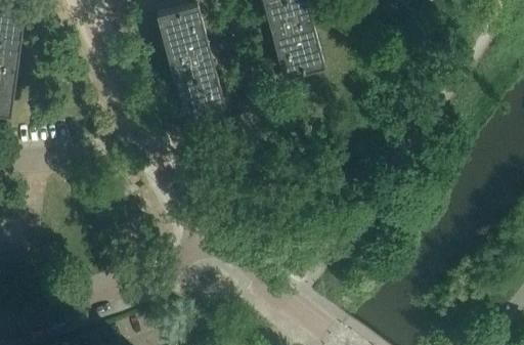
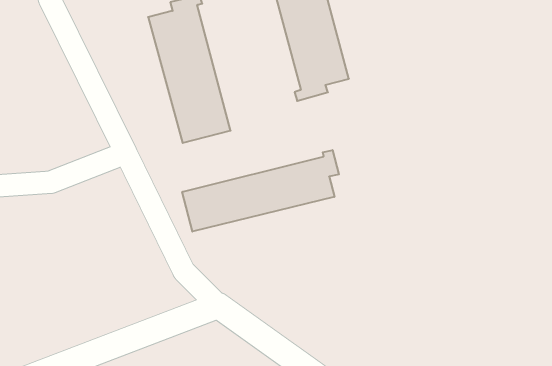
building: none -> [182,150,339,232]

